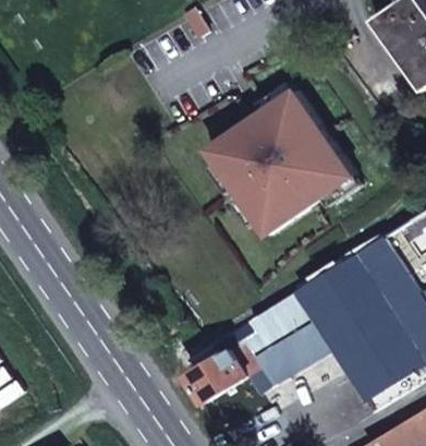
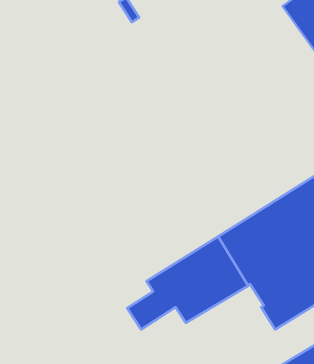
building: [205,92,350,236] -> none

